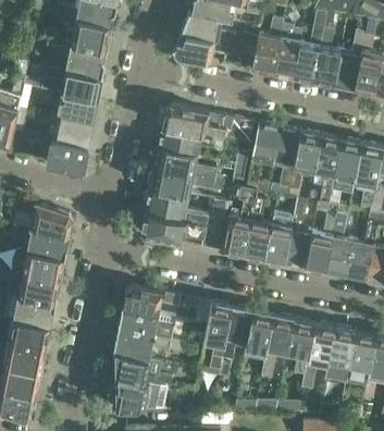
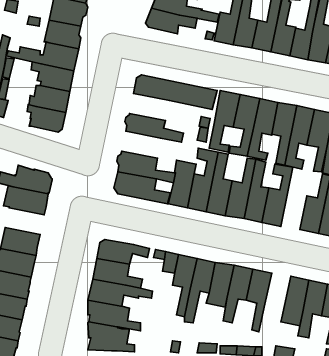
building: [156,126,222,156] -> none
building: [147,168,223,197] -> none
building: [323,218,351,275] -> none
building: [22,251,64,281] -> none
building: [299,323,334,390] -> none

